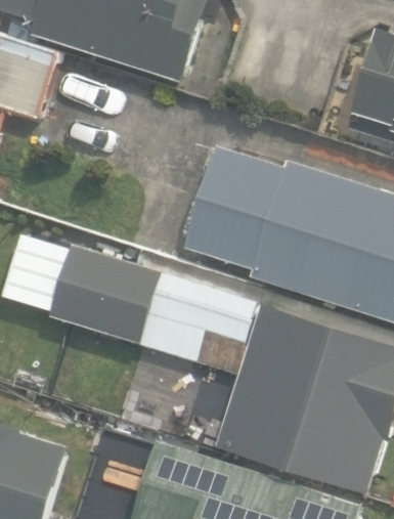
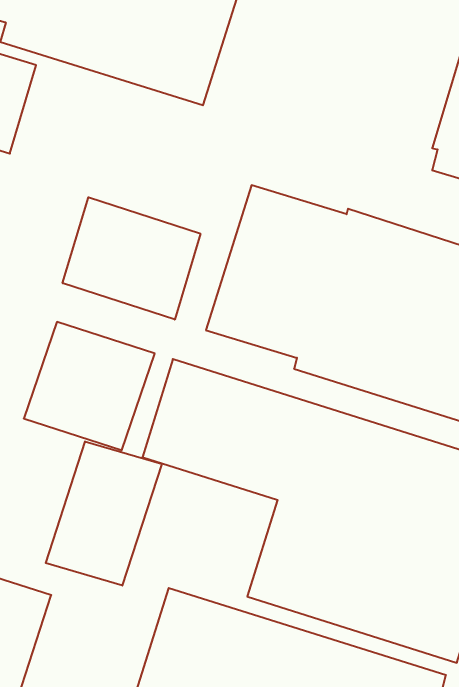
building: none -> [63,197,200,320]
building: none -> [46,441,162,586]

